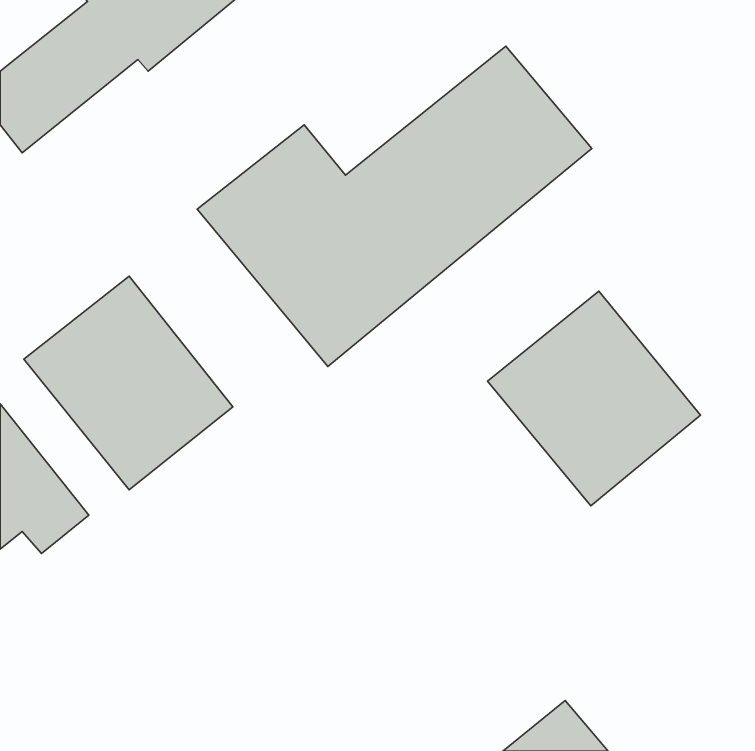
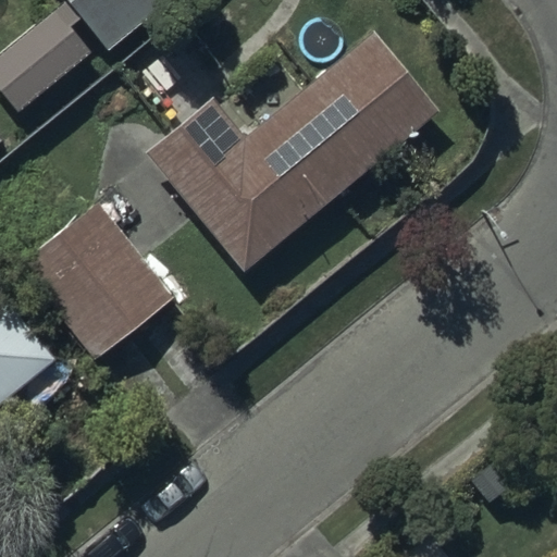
building: [488,291,701,506] -> none

